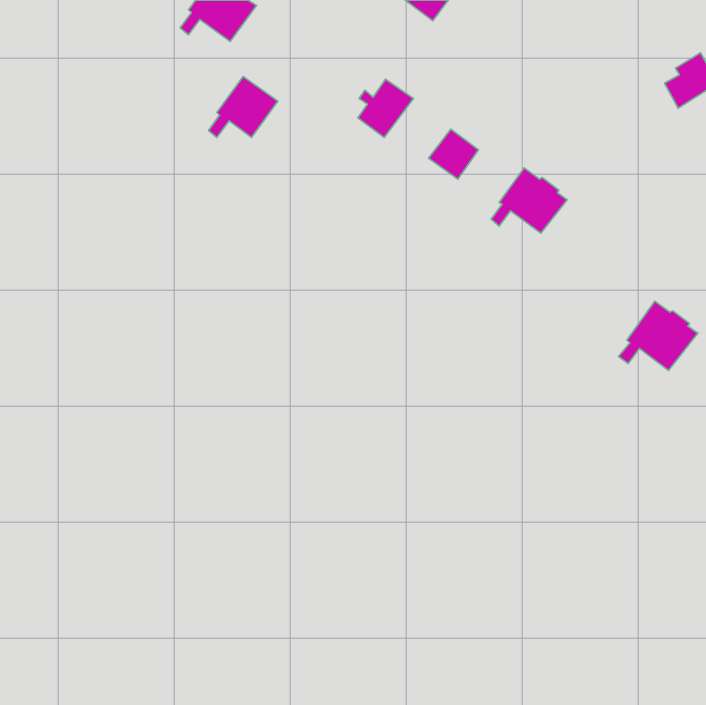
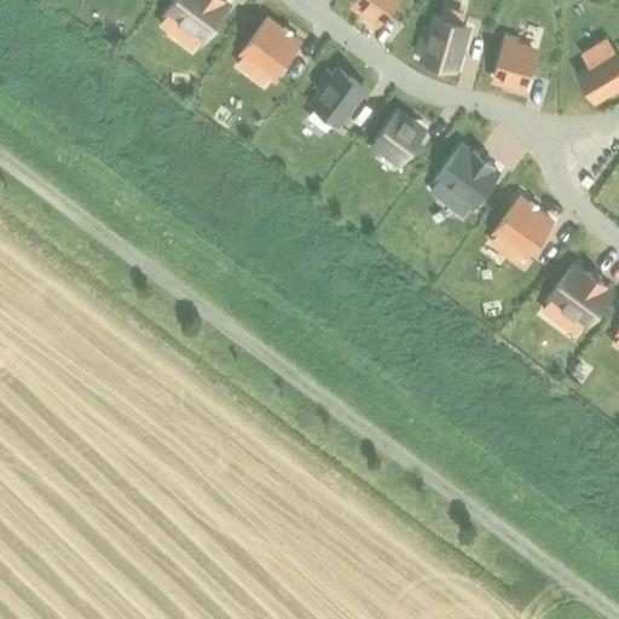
building: none -> [422,23,465,71]
building: none -> [496,46,533,85]
building: [208,76,278,137] -> [236,21,296,74]
building: none -> [496,199,551,266]

